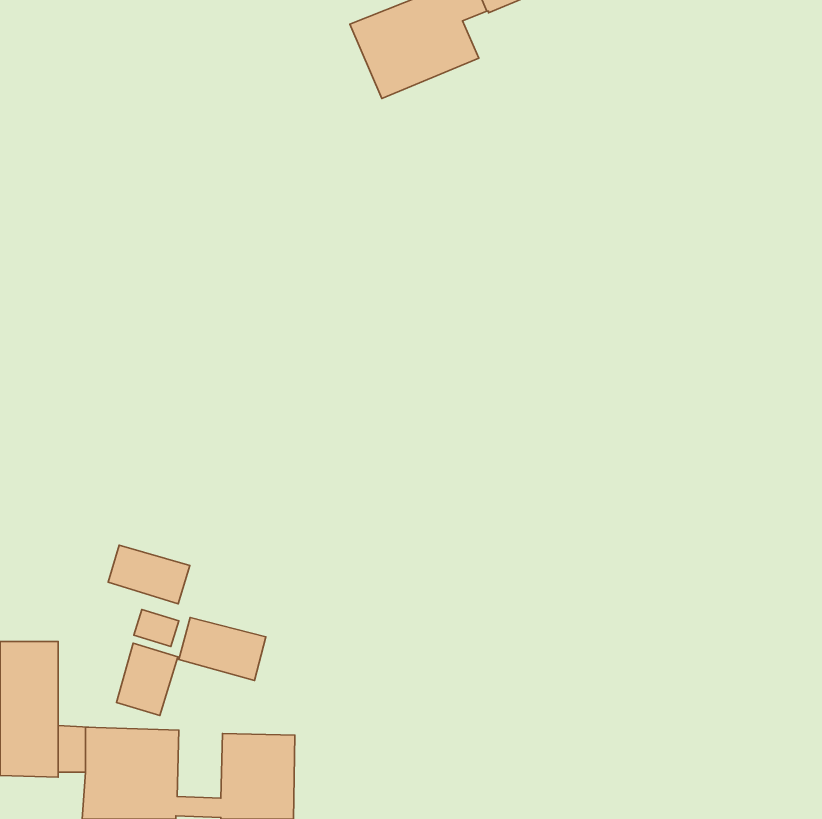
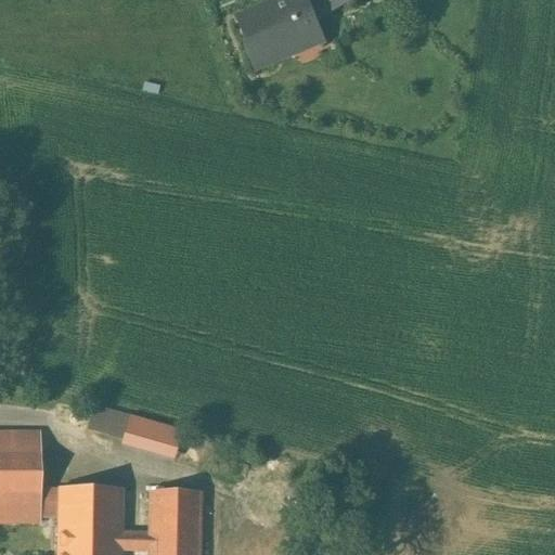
building: [108,545,190,604] -> none
building: [116,643,178,715] -> none

